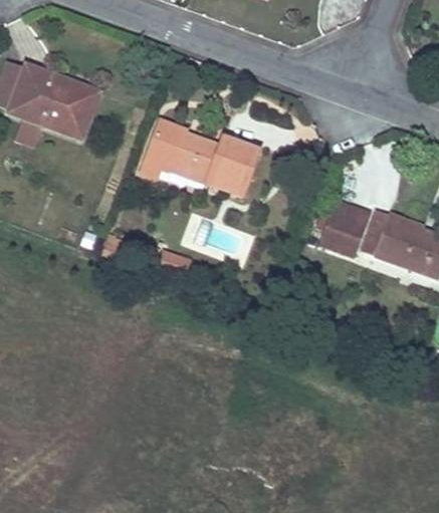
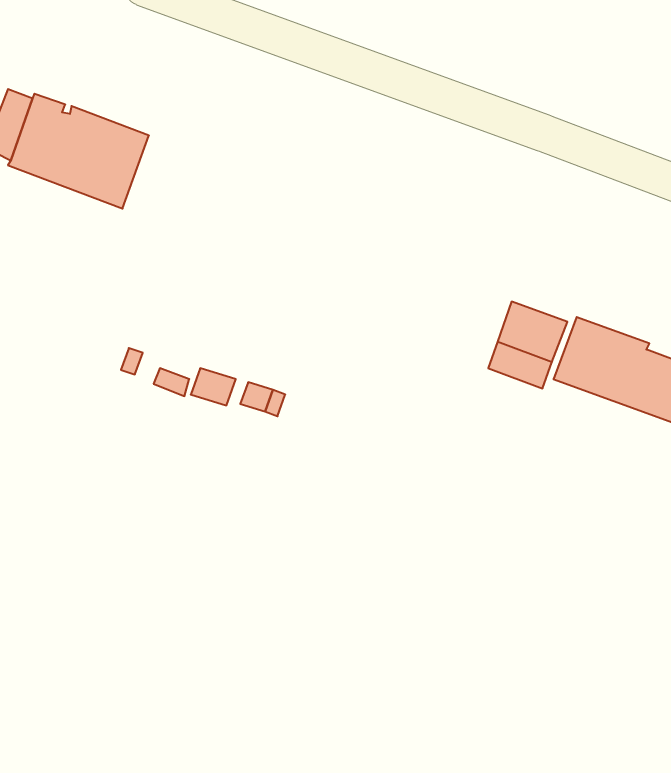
building: [141,118,258,194] -> none

